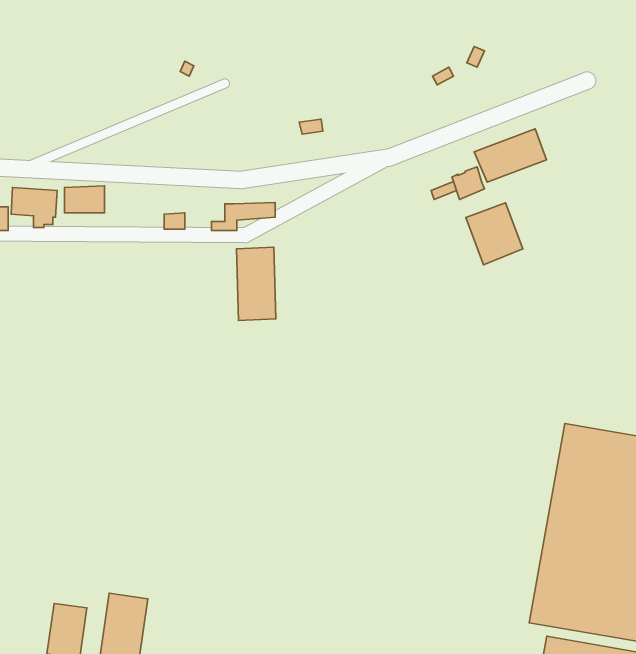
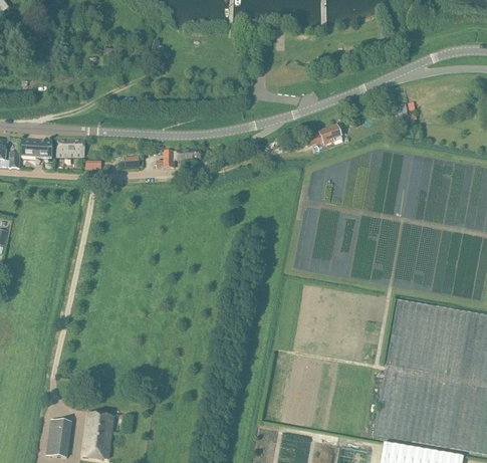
building: [474,129,547,182] -> none
building: [466,203,523,265] -> none
building: [236,247,276,320] -> none

